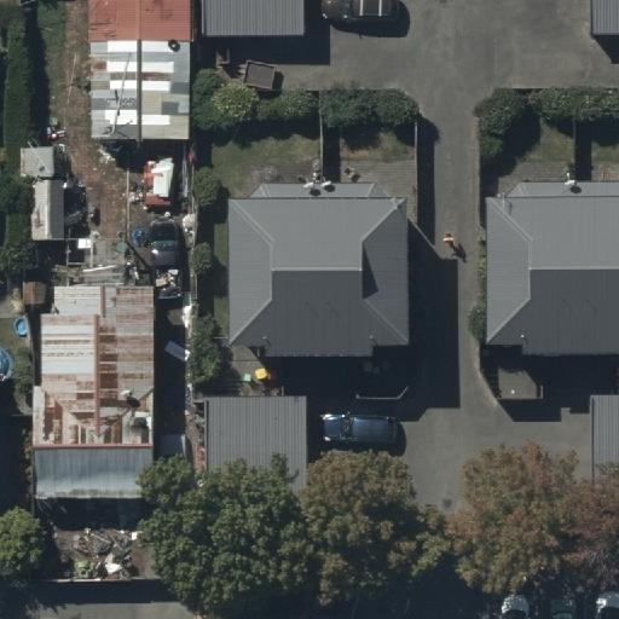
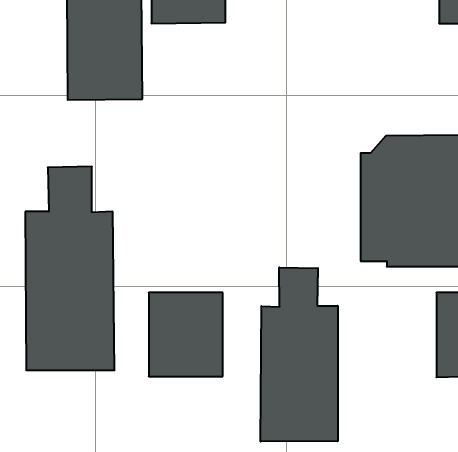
building: [227,183,404,359] -> none
building: none -> [261,267,338,442]

